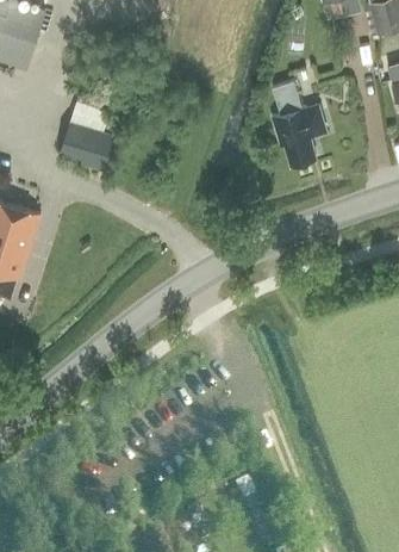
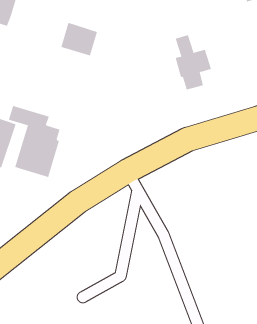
building: [60,119,114,169] -> [61,22,98,56]
building: none -> [8,105,60,178]

